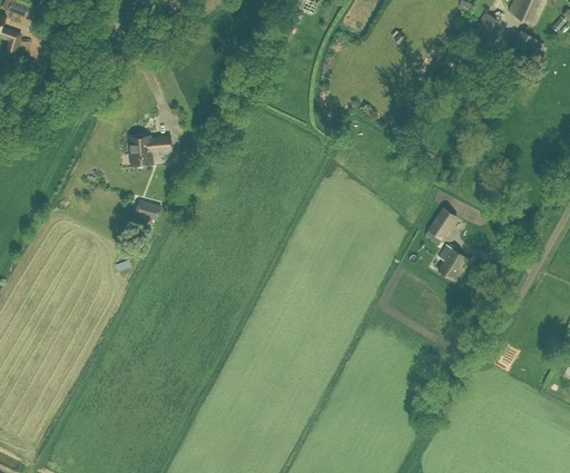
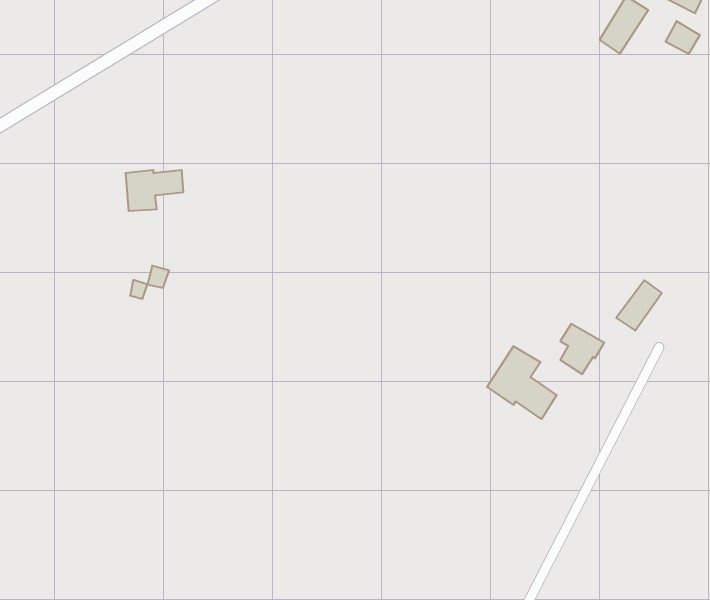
building: [424,208,456,244] -> [616,280,662,331]
building: none -> [487,346,557,419]

